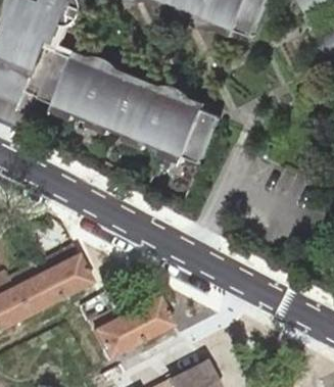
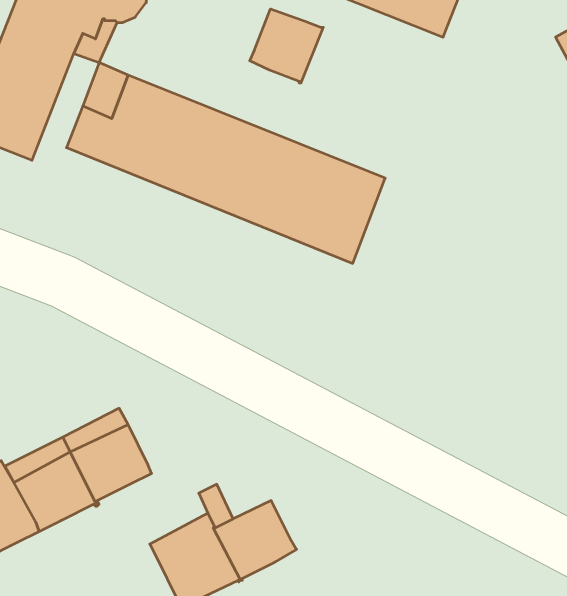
building: none -> [250,9,323,83]

